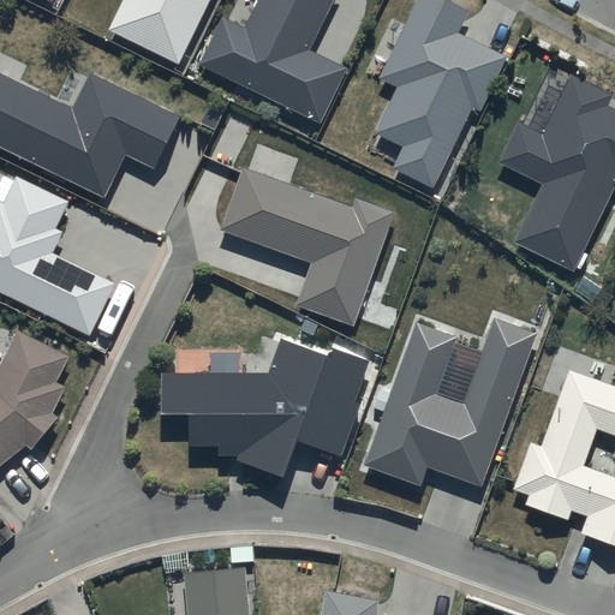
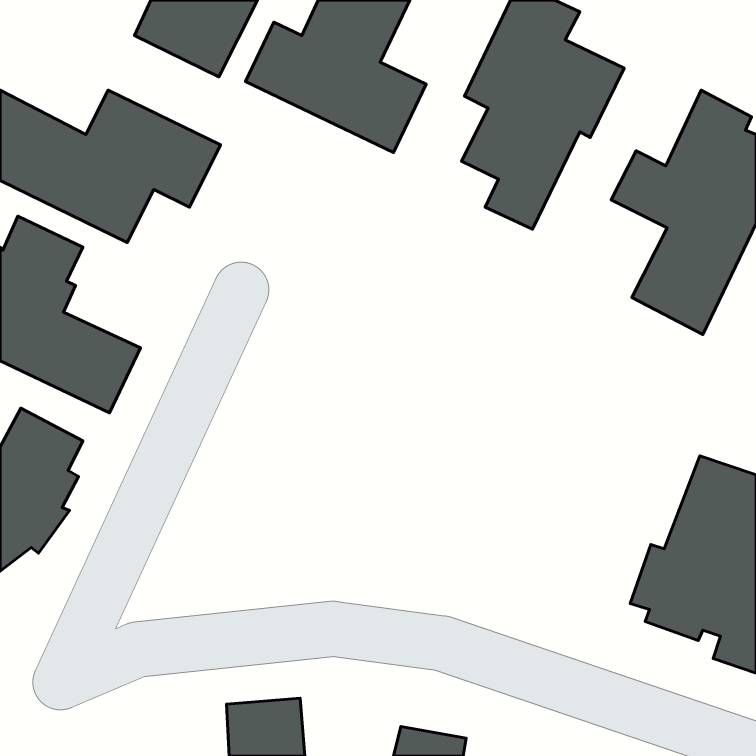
building: [219,167,395,324] -> none
building: [363,317,535,490] -> none
building: [161,338,368,476] -> none

